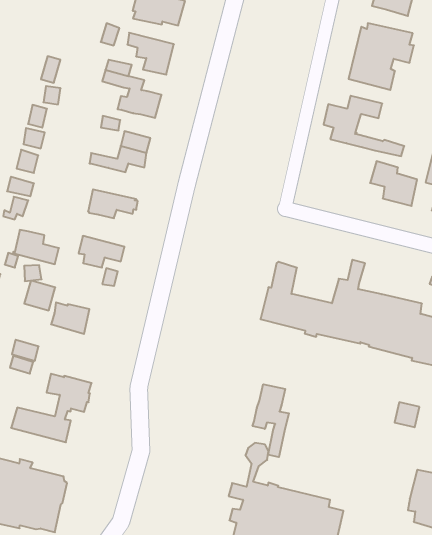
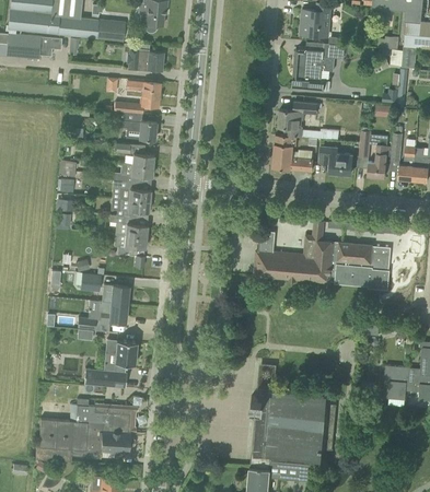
building: none -> [274,134,314,171]
building: none -> [118,181,151,201]
building: [13,230,59,264] -> [116,216,149,237]
building: none -> [97,301,128,323]
building: [253,384,289,457] -> none

